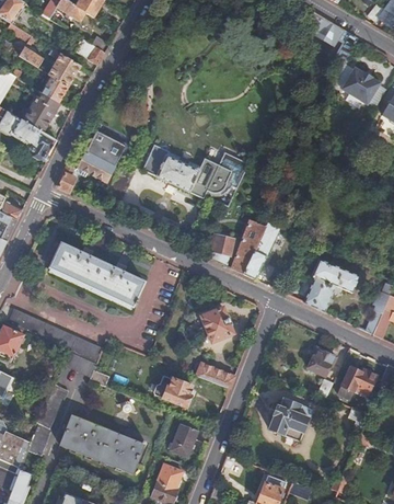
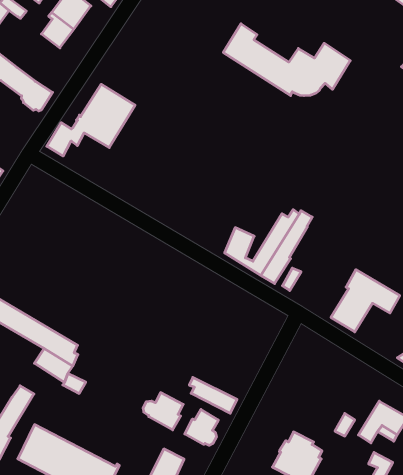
building: [24,92,58,131] -> none
building: [143,144,248,198] -> [223,24,350,96]
building: [49,242,143,306] -> none
building: [200,307,231,341] -> none
building: [308,346,336,375] -> none
building: none -> [185,409,218,445]

